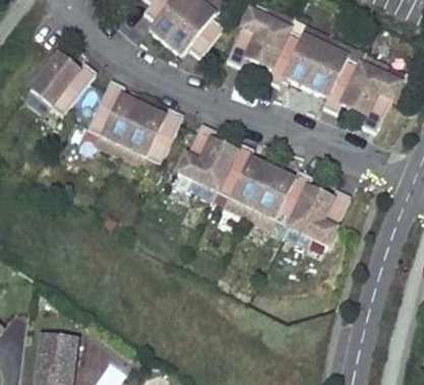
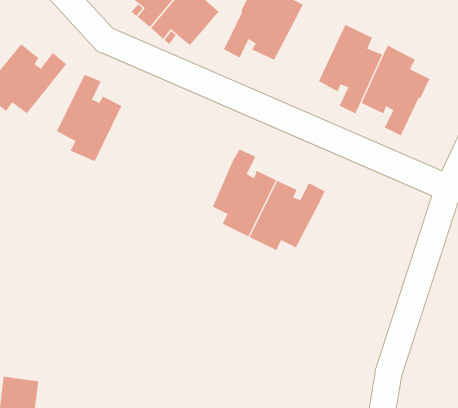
building: [265,26,328,85] -> none
building: [120,106,183,164] -> none
building: [177,123,235,198] -> none
building: [285,186,351,244] -> none

